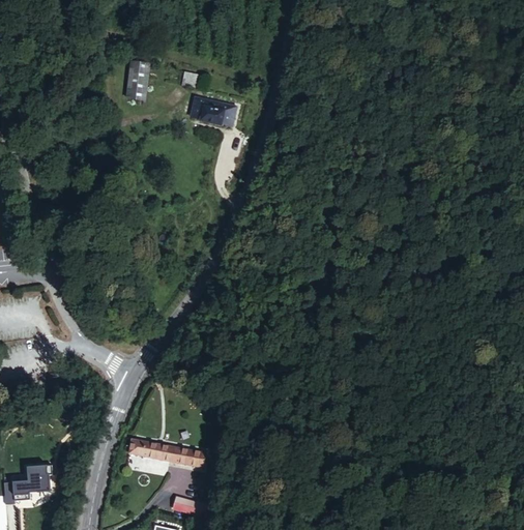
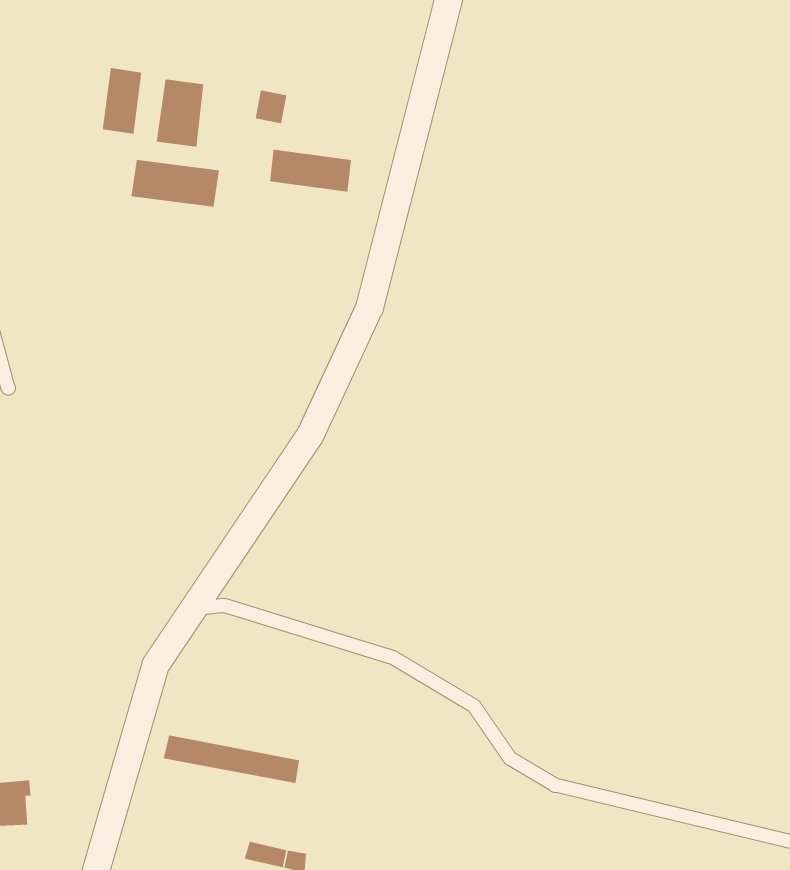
building: none -> [102,67,142,135]
building: none -> [131,159,220,208]

